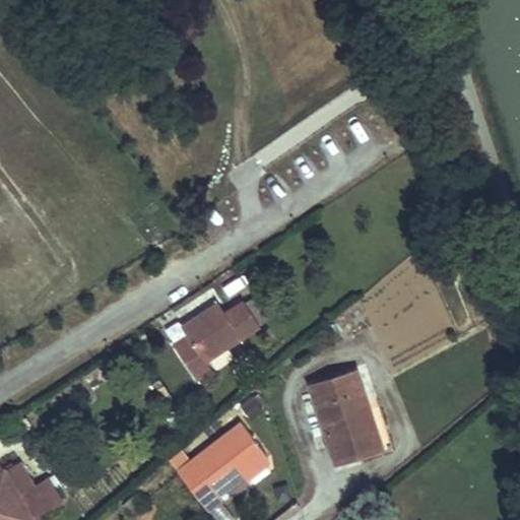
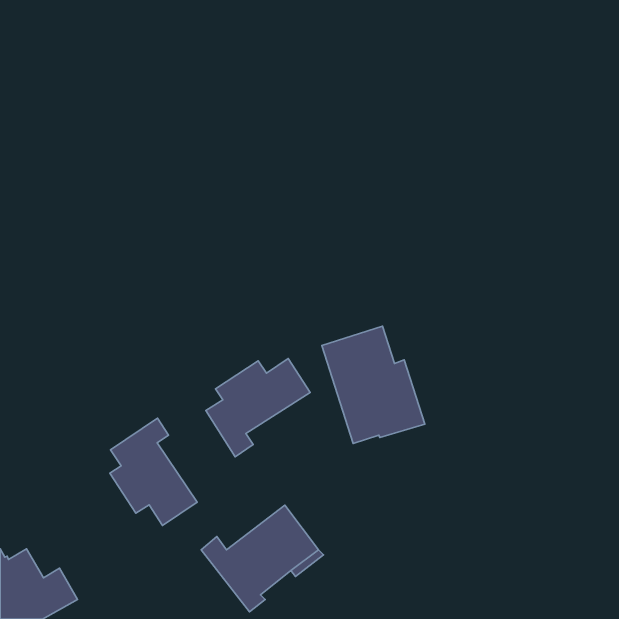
building: none -> [110,418,197,526]
building: [307,369,393,467] -> [322,326,425,444]

